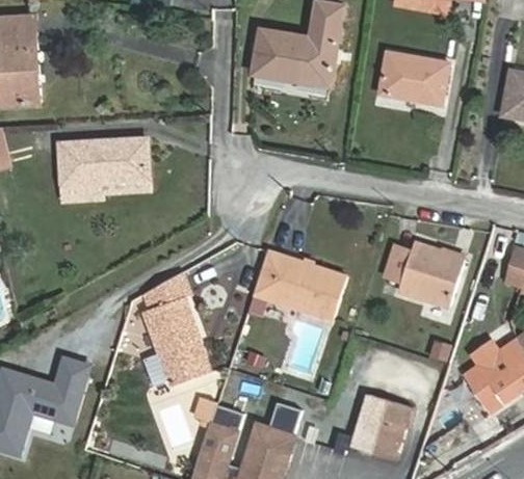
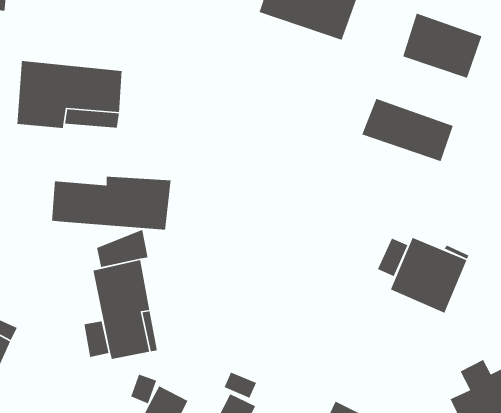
building: none -> [361,98,454,162]
building: none -> [51,176,172,231]
building: [251,251,345,319] -> none

